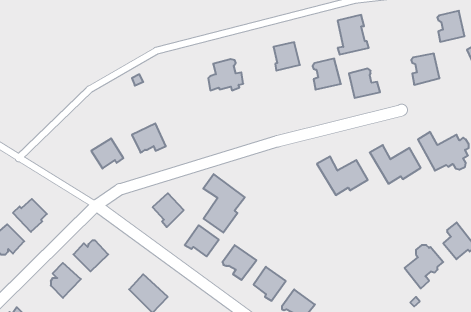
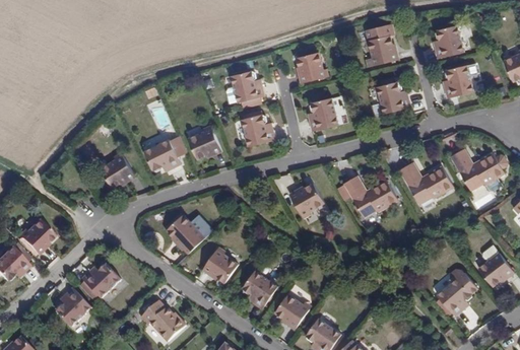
building: [437,11,465,42] -> [434,24,463,58]
building: [313,59,341,90] -> [308,96,338,130]
building: none -> [241,114,274,145]
building: none -> [187,128,221,158]
building: none -> [288,182,323,215]
building: [203,174,245,233] -> none

